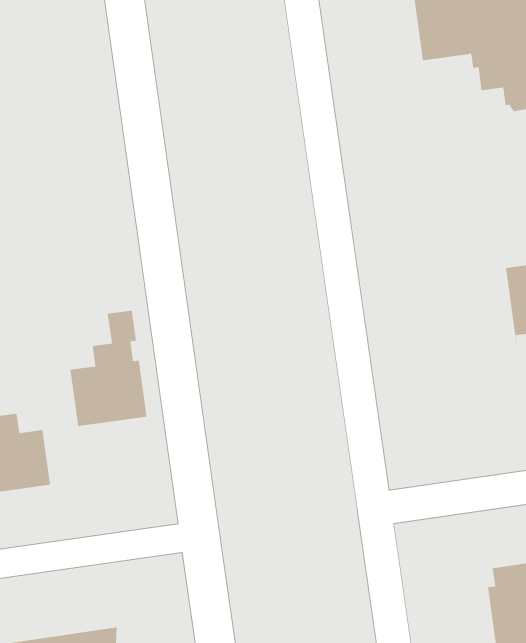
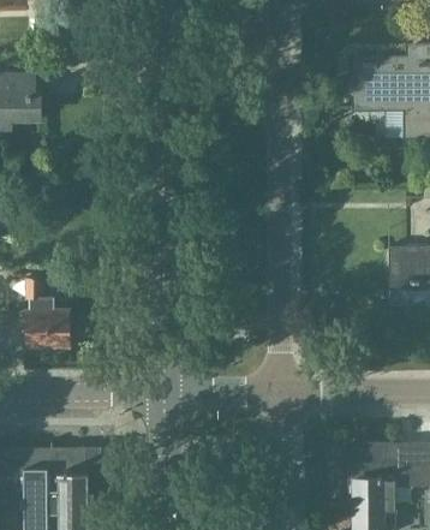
building: [70,310,147,427] -> none

